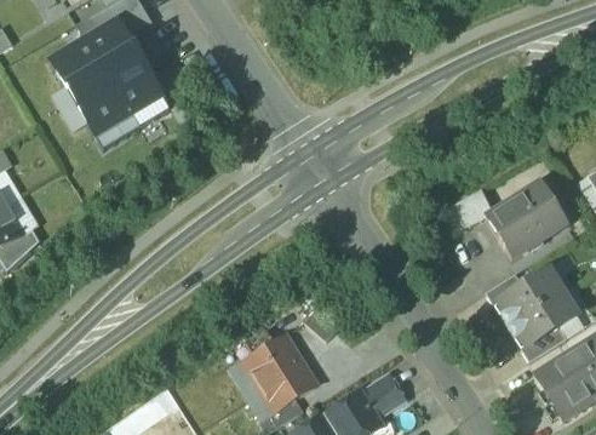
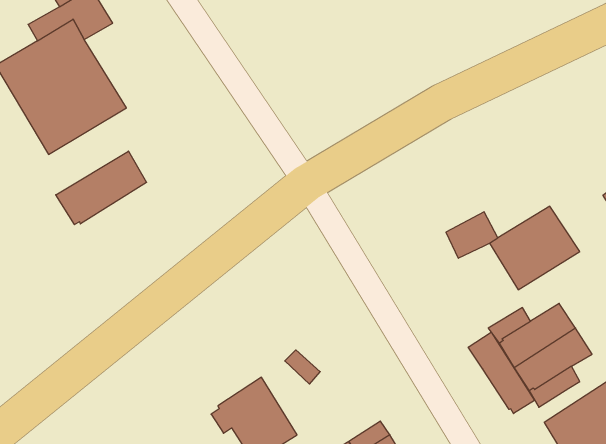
building: none -> [56,151,147,225]
building: none -> [468,332,535,414]

